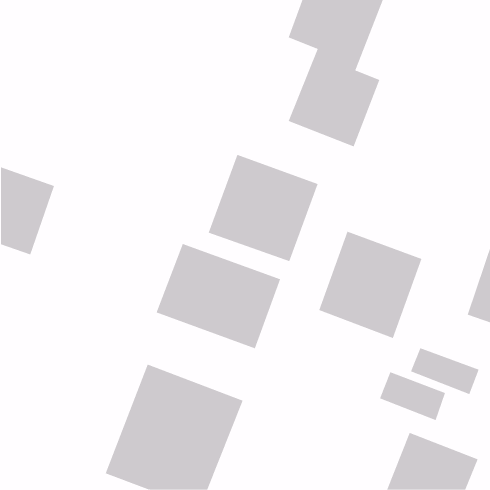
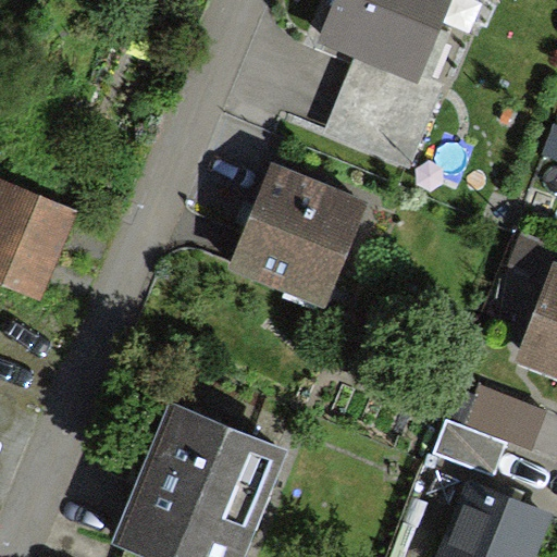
building: [318,231,422,339] -> none
building: [156,243,281,349] -> none

